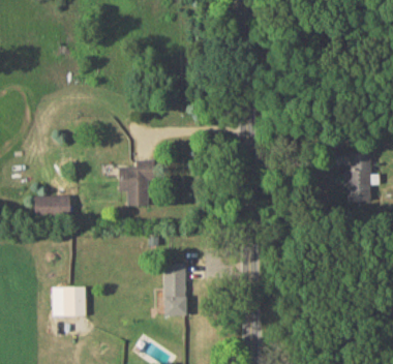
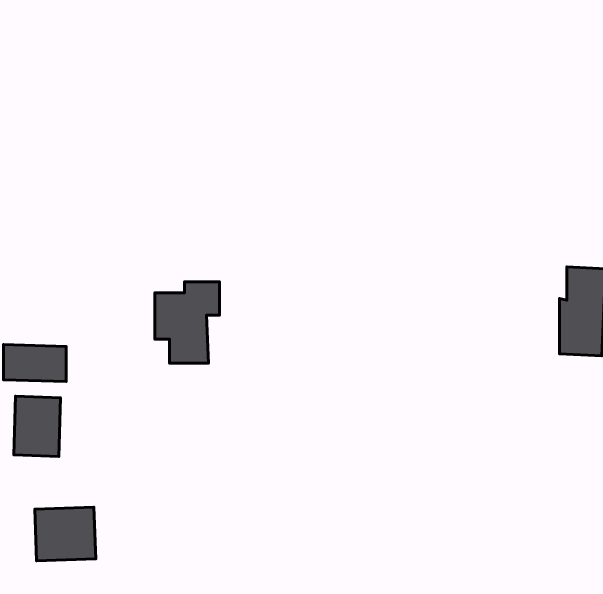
building: none -> [14,396,60,457]
building: [163,264,186,315] -> none

